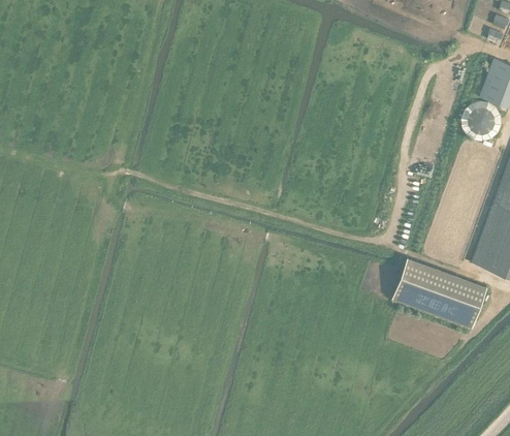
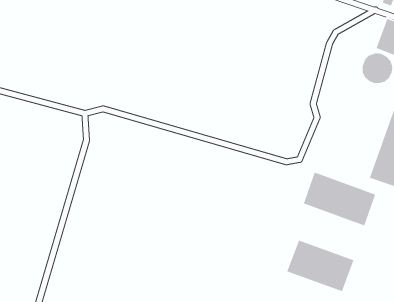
building: none -> [286,239,355,292]

